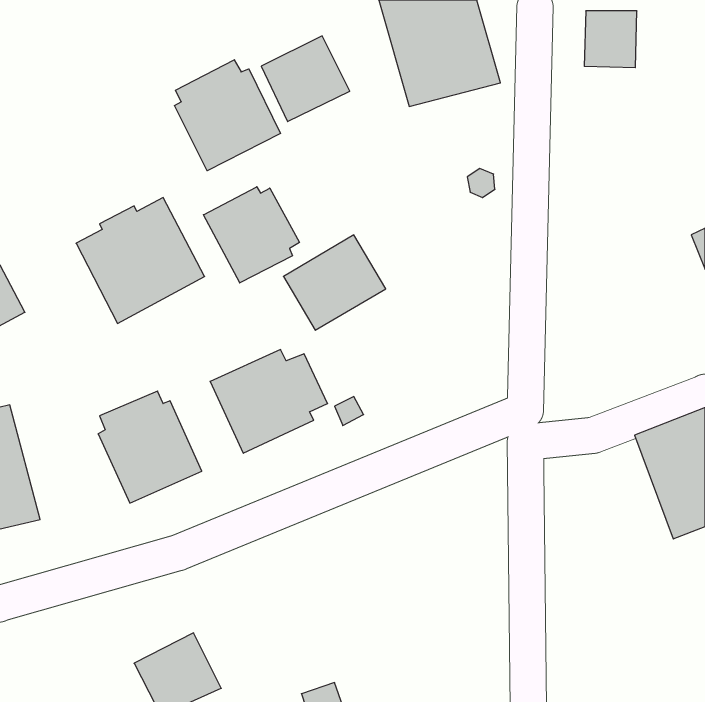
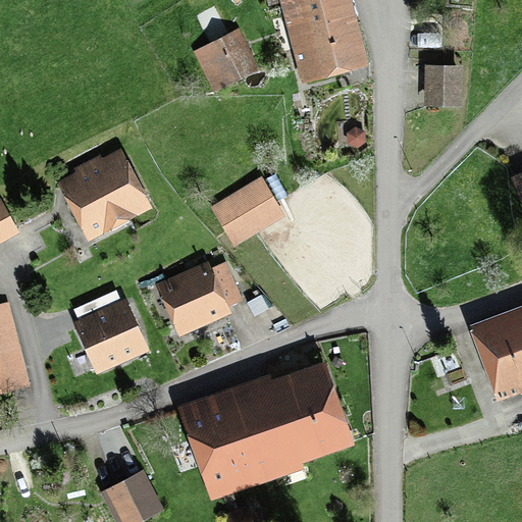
building: [584,11,637,68] -> [423,64,462,106]
building: [174,60,281,171] -> none
building: [203,187,299,283] -> none
building: none -> [176,360,354,501]

